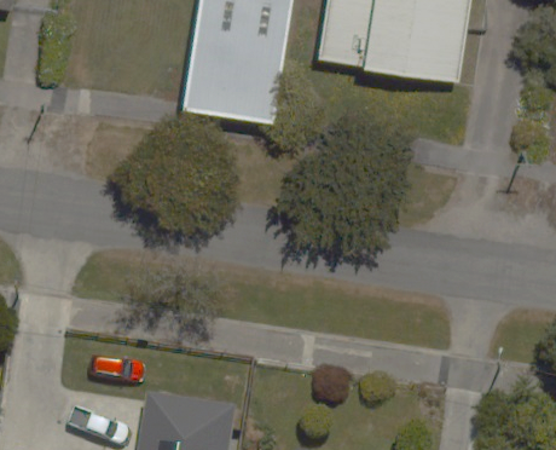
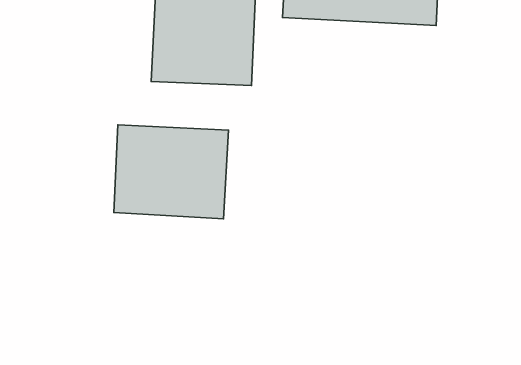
building: none -> [114,125,228,219]

